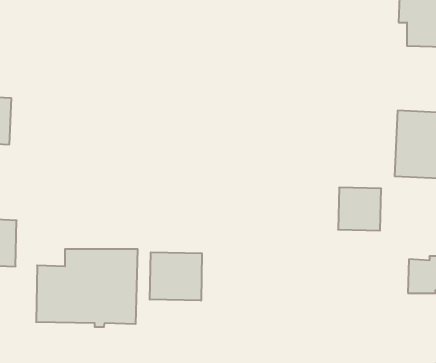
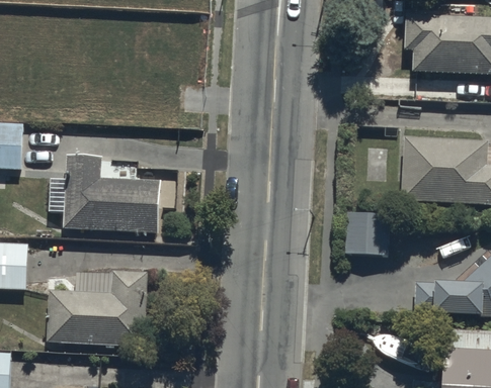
building: none -> [47,155,161,233]
building: [150,252,202,301] -> none

